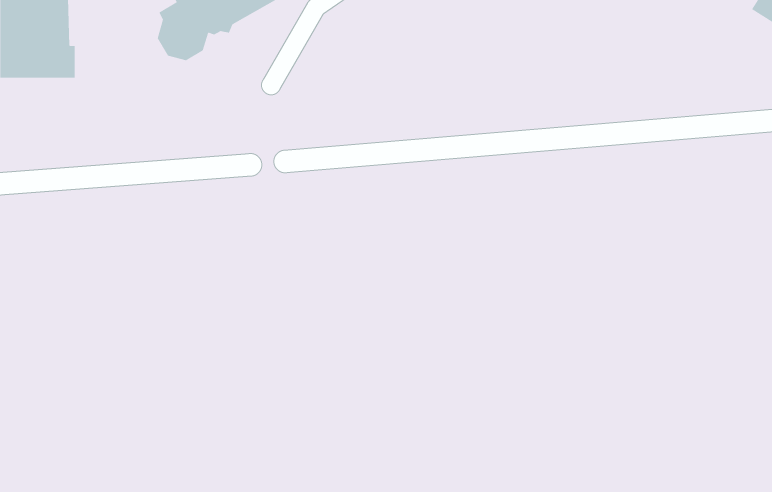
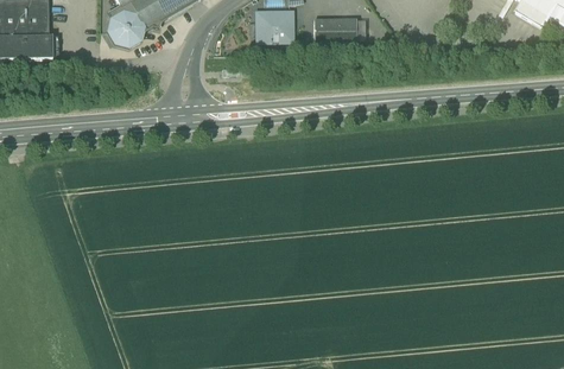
building: none -> [255,9,293,42]
building: none -> [313,18,357,40]

